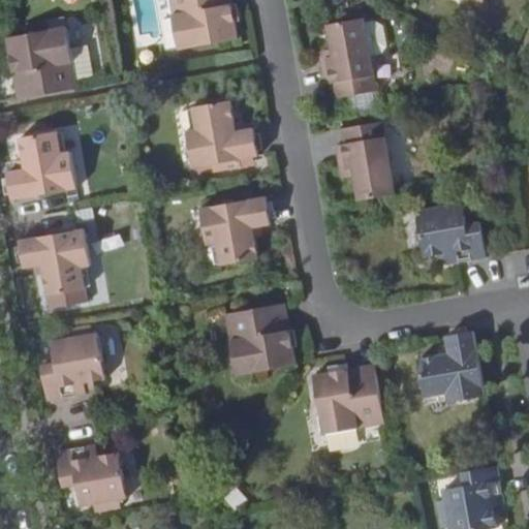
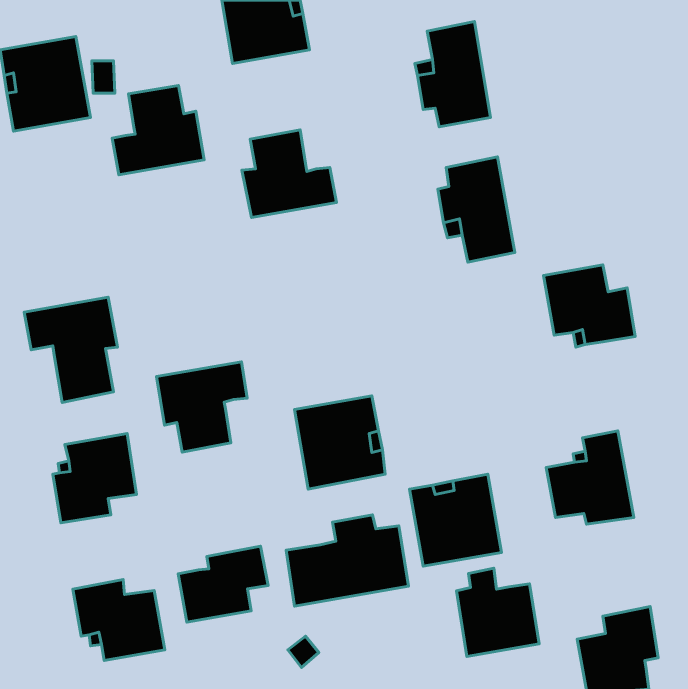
building: [5,131,75,199] -> [112,86,204,175]
building: [200,196,270,266] -> [156,362,247,452]
building: none -> [286,515,408,606]
building: none -> [178,546,268,622]
building: none -> [456,568,539,656]

